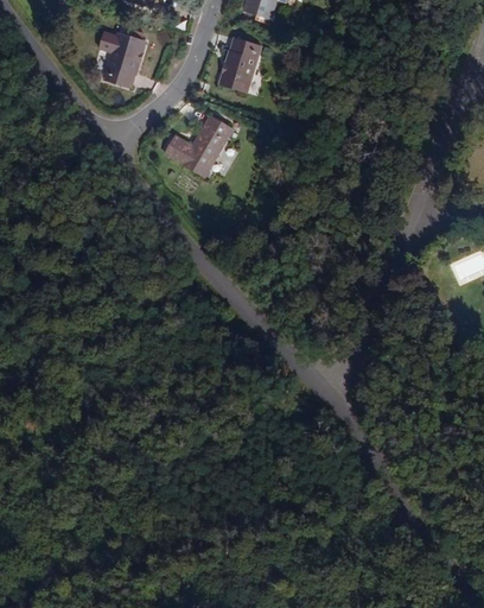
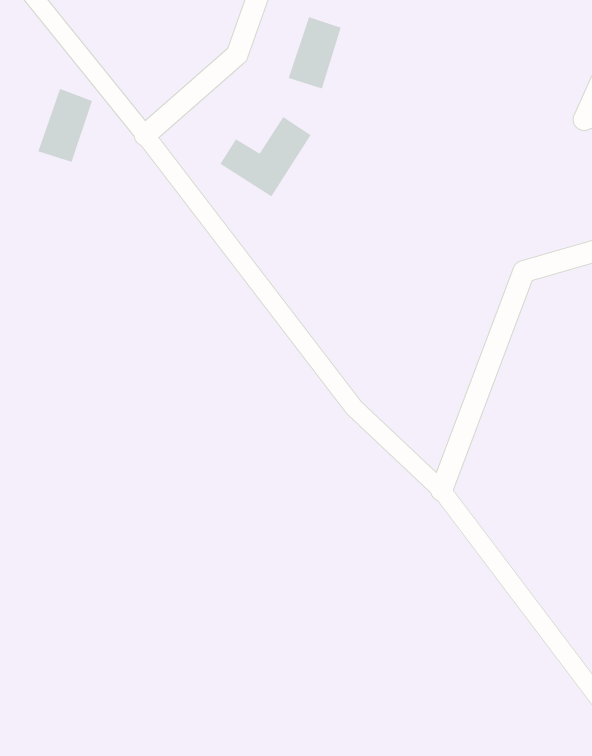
building: [101,38,142,94] -> [37,88,93,163]

